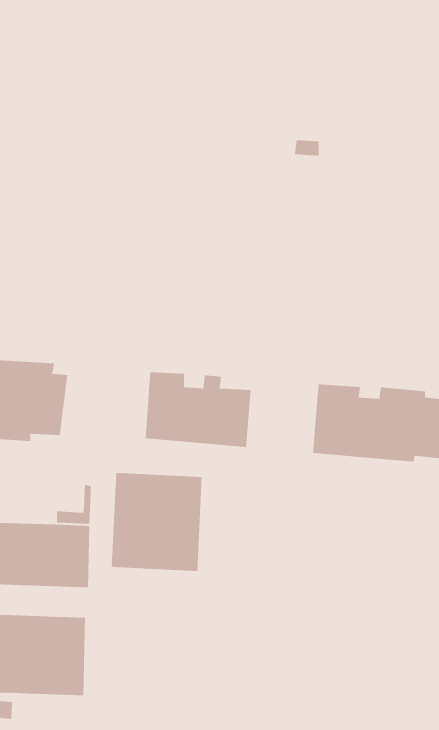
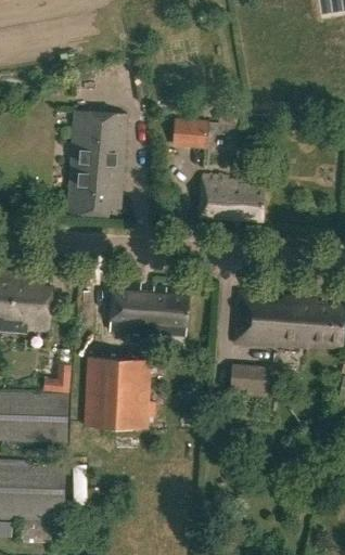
building: none -> [68,111,129,216]
building: none -> [174,120,208,151]
building: none -> [197,169,266,225]
building: none -> [228,367,269,399]

